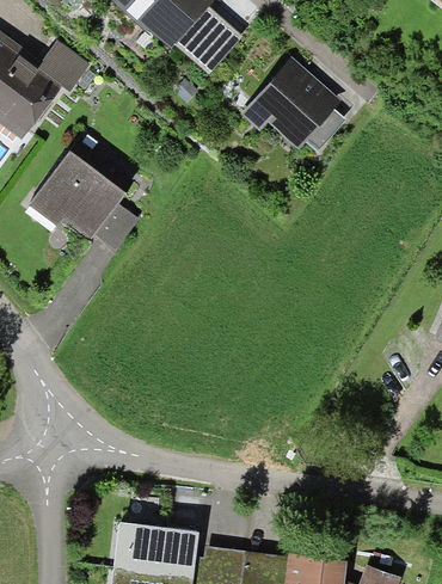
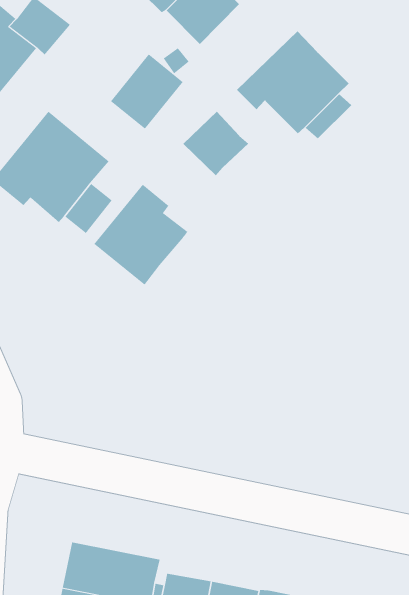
building: none -> [110,54,183,130]
building: none -> [182,111,249,176]
building: none -> [93,184,188,285]

